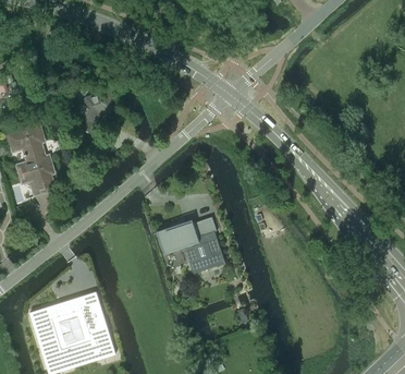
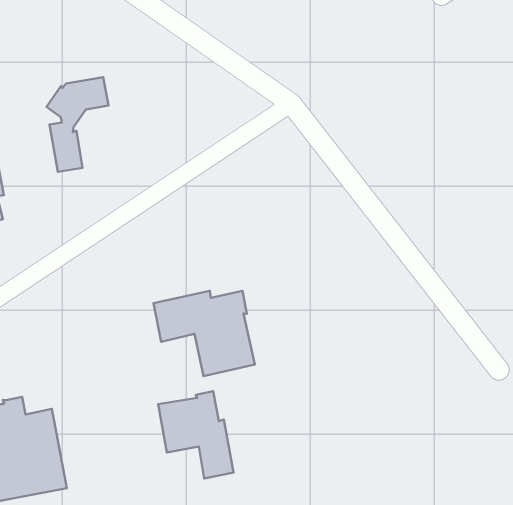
building: none -> [158,391,233,478]

